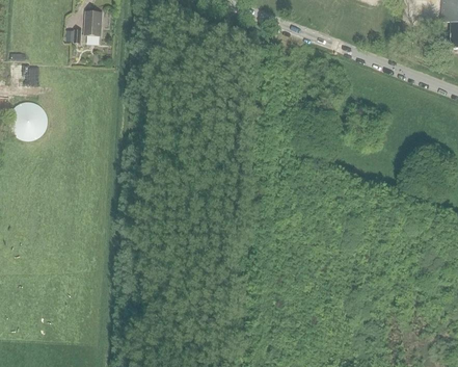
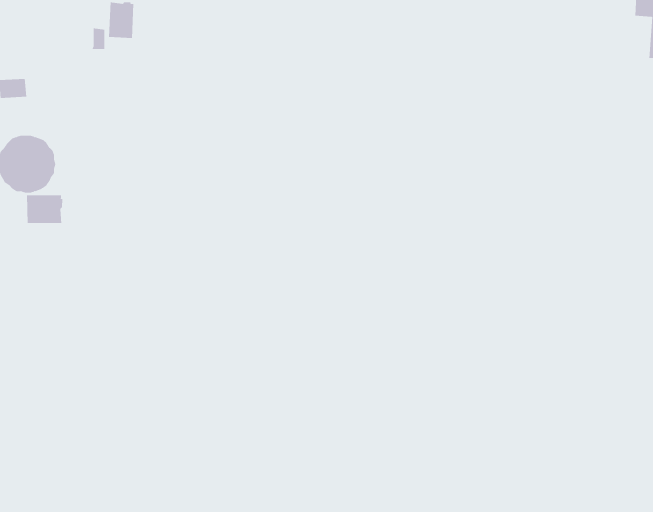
building: none -> [27,195,63,224]

